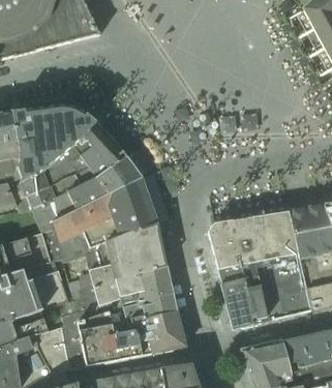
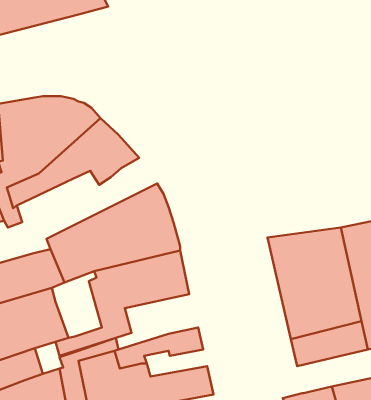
building: [27,156,140,233] -> none
building: [207,220,252,328] -> none
building: [107,266,173,310] -> none
building: [129,310,180,332] -> none

